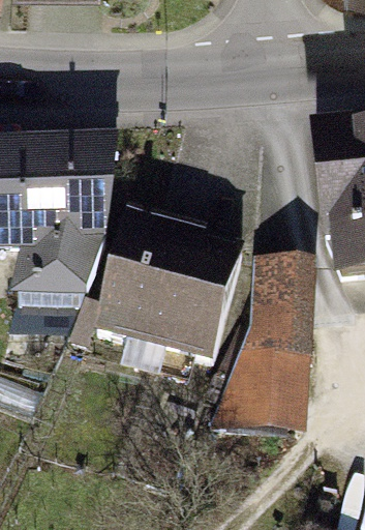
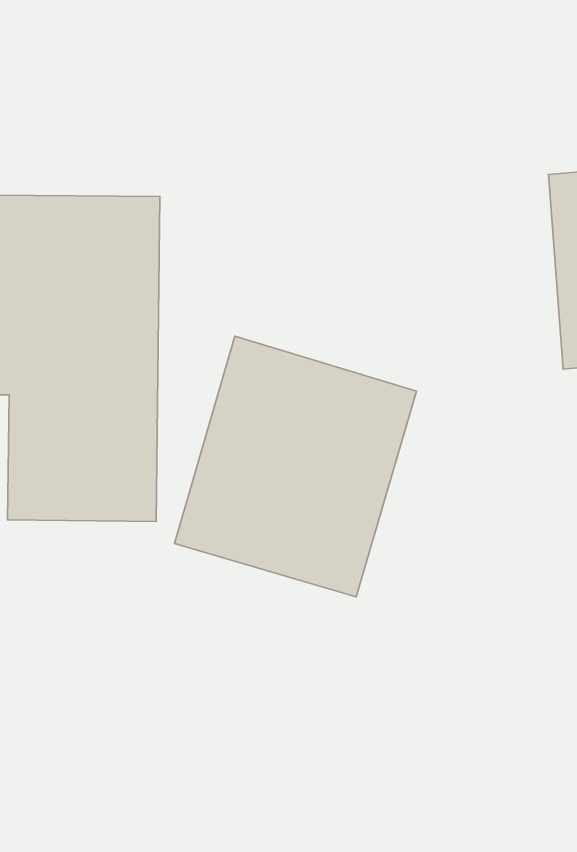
building: [220,265,312,431] -> none

